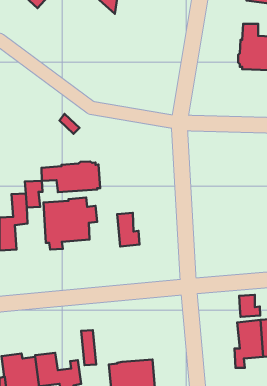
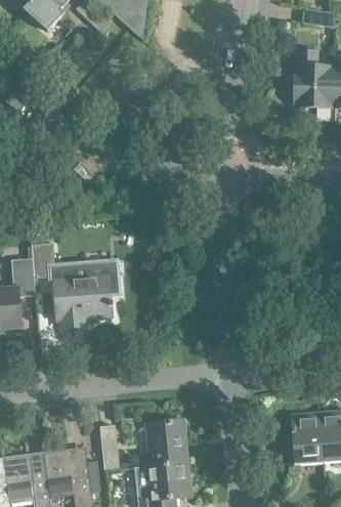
building: [41,161,100,192] -> none
building: [117,213,140,247] -> none
building: [239,295,260,317] -> none
building: none -> [146,420,187,464]

